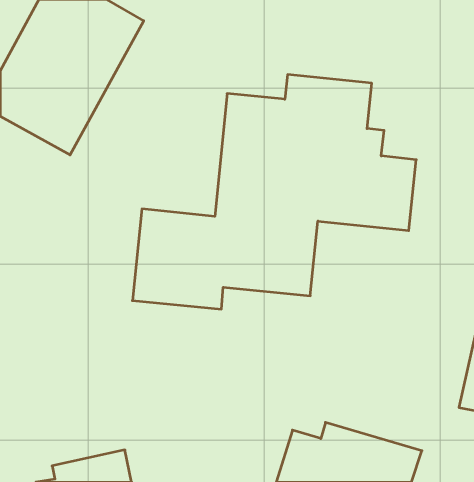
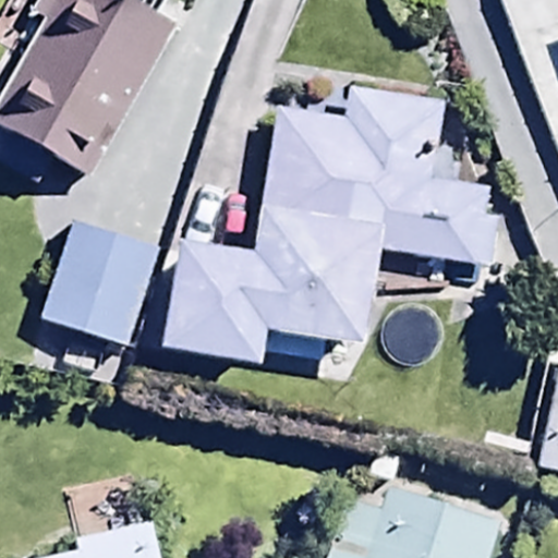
building: none -> [37,217,168,366]

